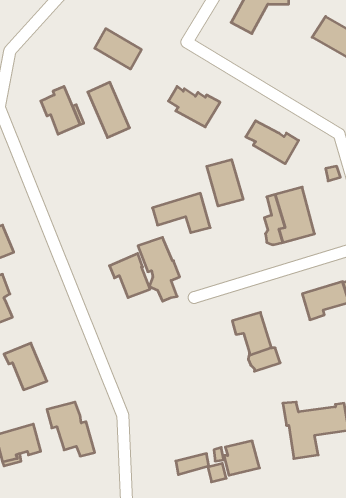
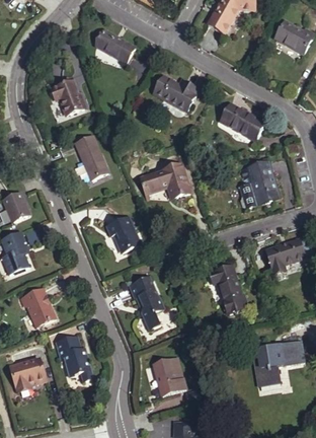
building: [88,82,130,138] -> [75,135,109,180]
building: [207,160,243,206] -> none
building: [138,237,180,301] -> [131,279,165,332]
building: [224,441,260,475] -> [158,359,187,387]

